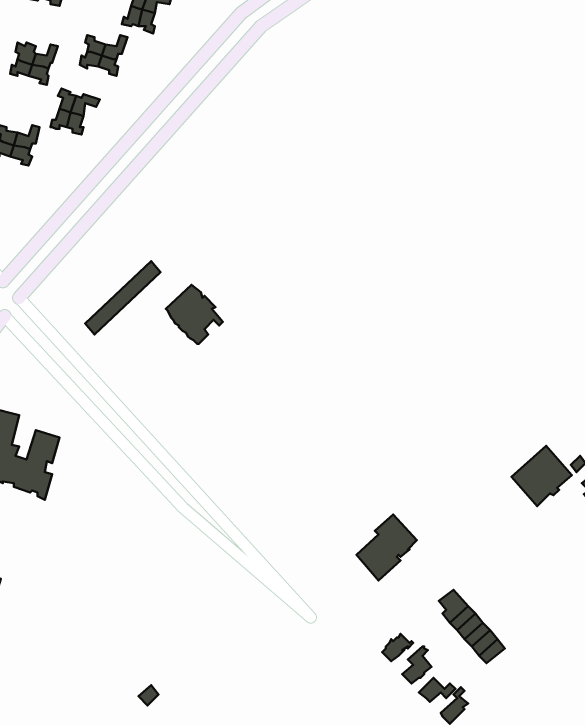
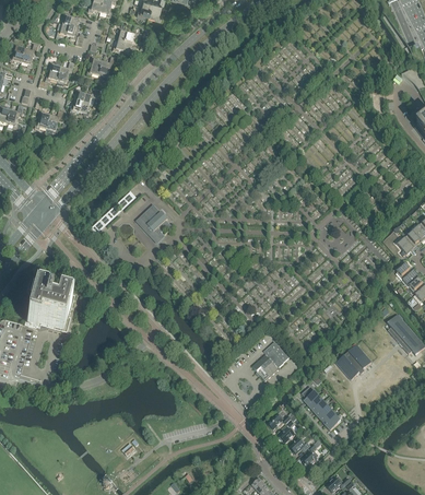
building: [511,446,572,506] -> [334,343,370,379]

